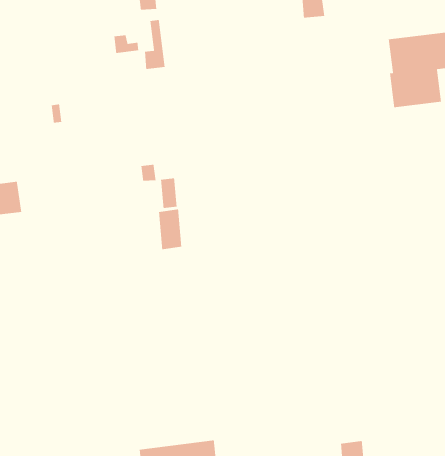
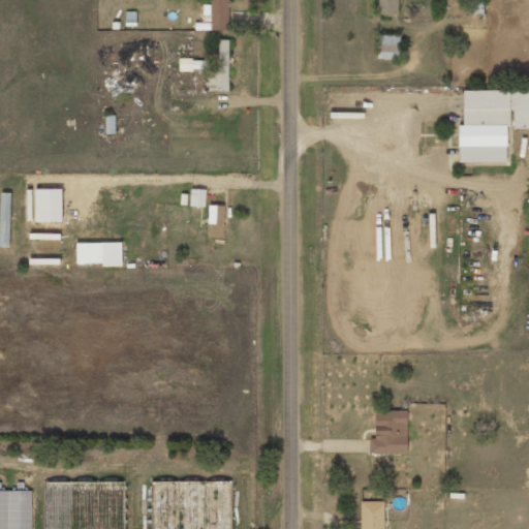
building: [158,209,182,250] -> none
building: none -> [76,242,122,266]
building: none -> [370,410,408,455]

